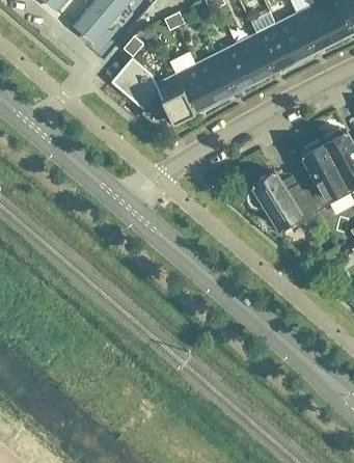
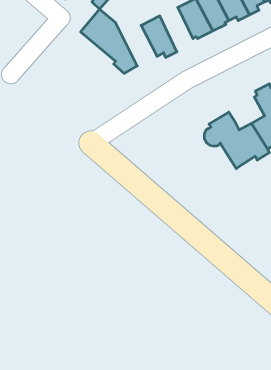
building: [198,55,235,104] -> none
building: [149,72,195,121] -> none

